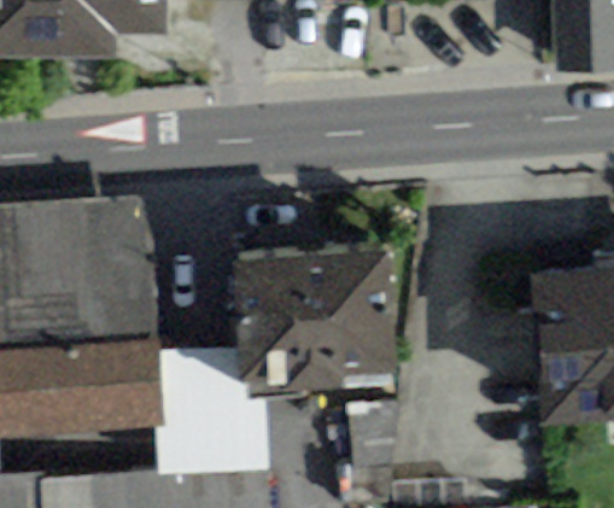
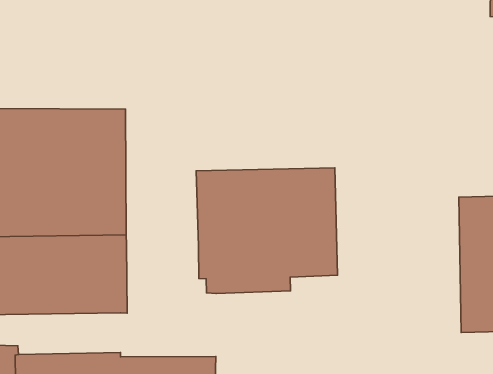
building: [156,344,265,473] -> none

